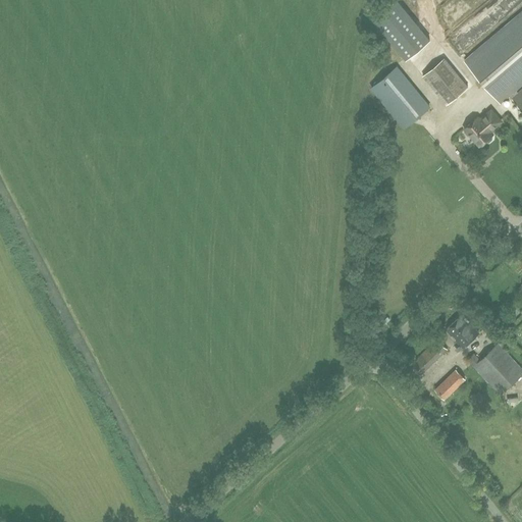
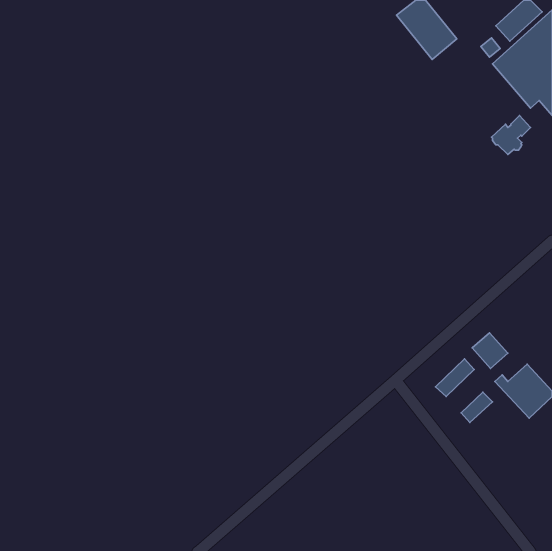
building: [423,58,468,105] -> none
building: [371,67,429,128] -> none

